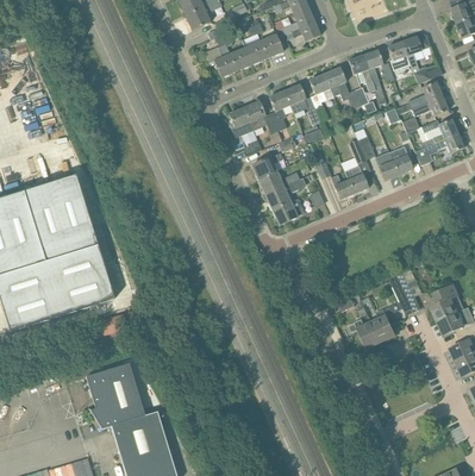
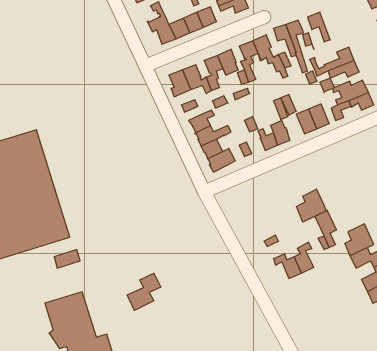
building: [402,33,431,82] -> none
building: none -> [296,189,326,222]
building: none -> [127,273,161,310]

